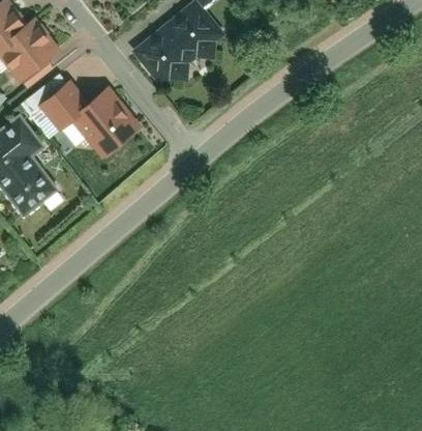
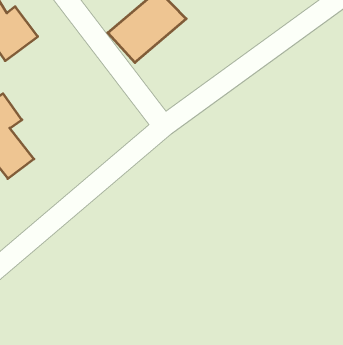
building: [41,80,142,160] -> none

